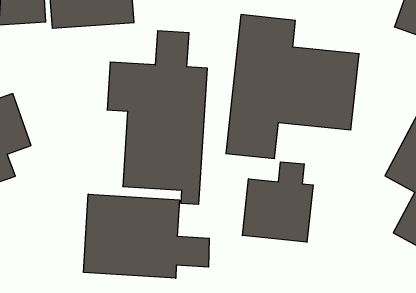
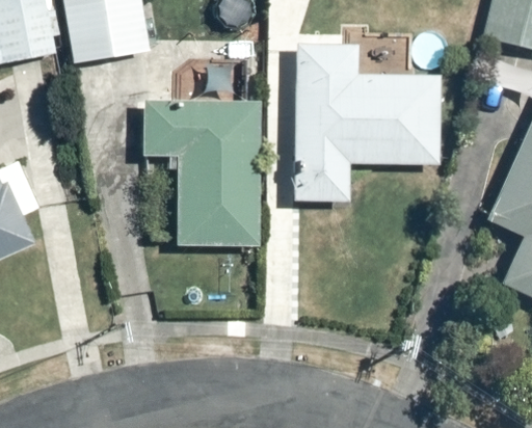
building: [242,162,313,242] -> none
building: [84,194,209,278] -> none

